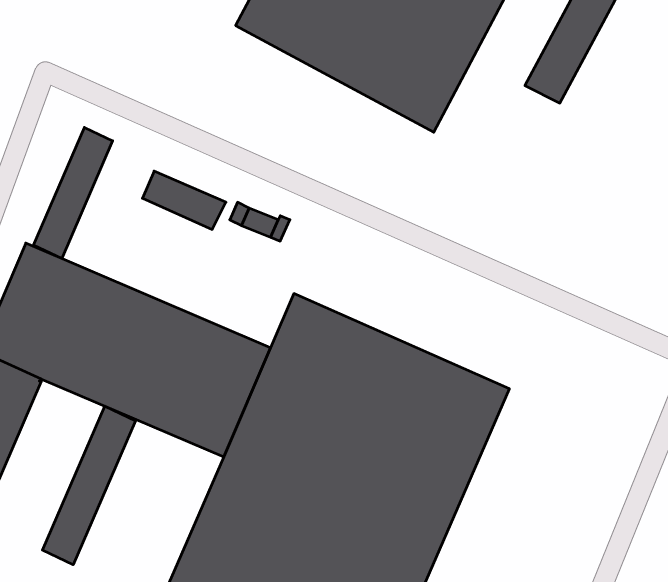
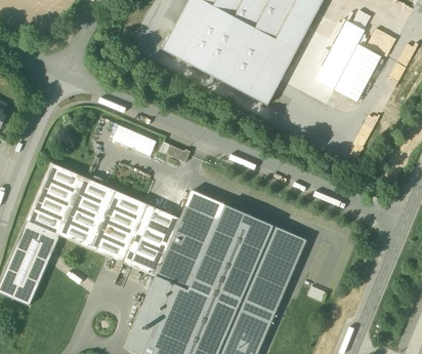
building: none -> [334,44,381,102]
building: [34,127,113,258] -> none
building: [42,406,135,565] -> none

